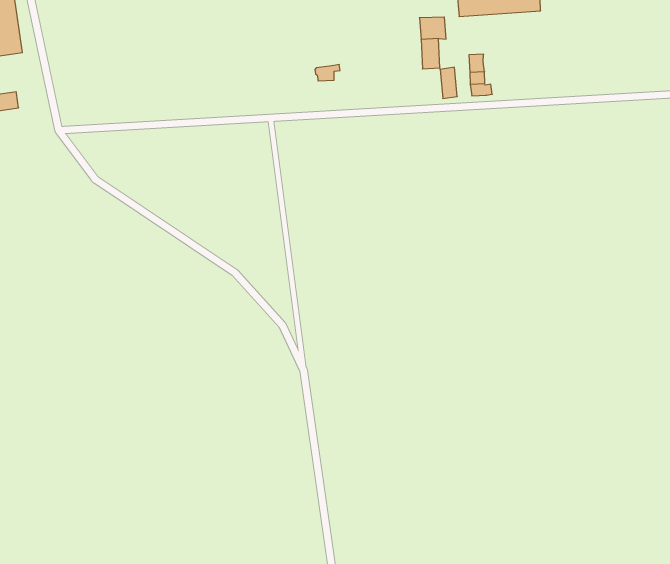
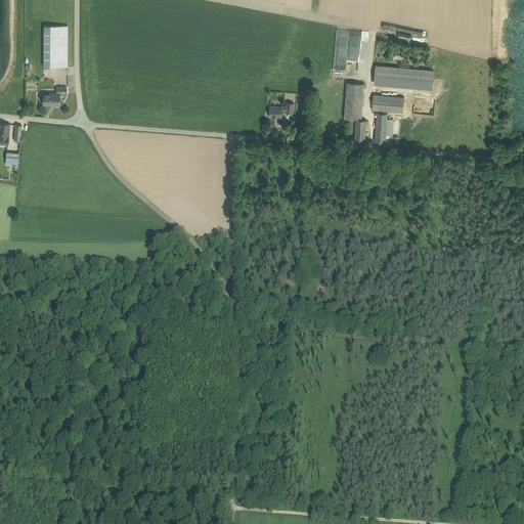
building: none -> [373,94,404,113]

